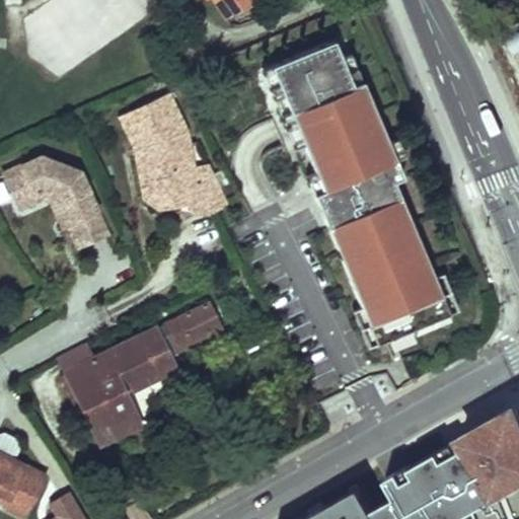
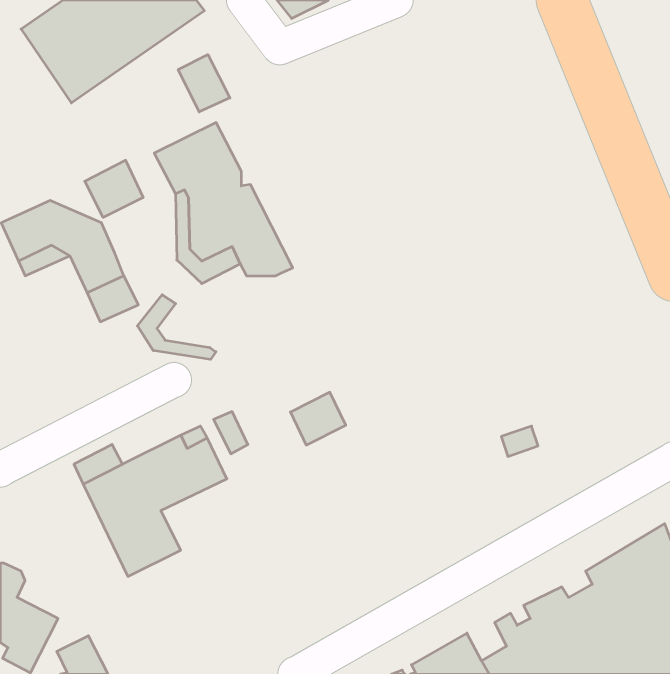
building: none -> [178,55,230,112]
building: [276,45,442,332] -> none
building: none -> [85,160,143,217]
building: none -> [137,295,216,359]
building: [181,301,224,342] -> [290,392,346,445]

